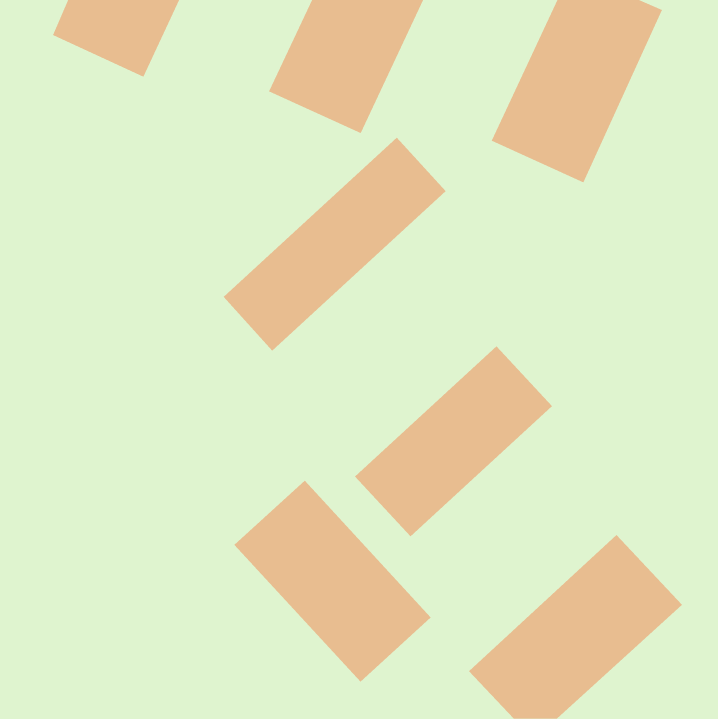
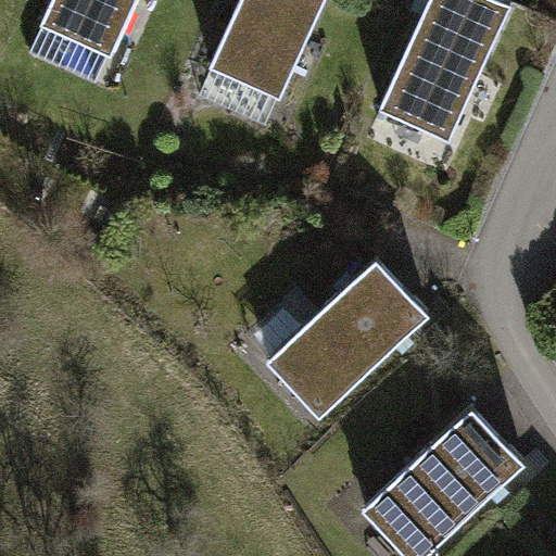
building: [223,137,446,351] -> none
building: [234,480,432,683] -> none

